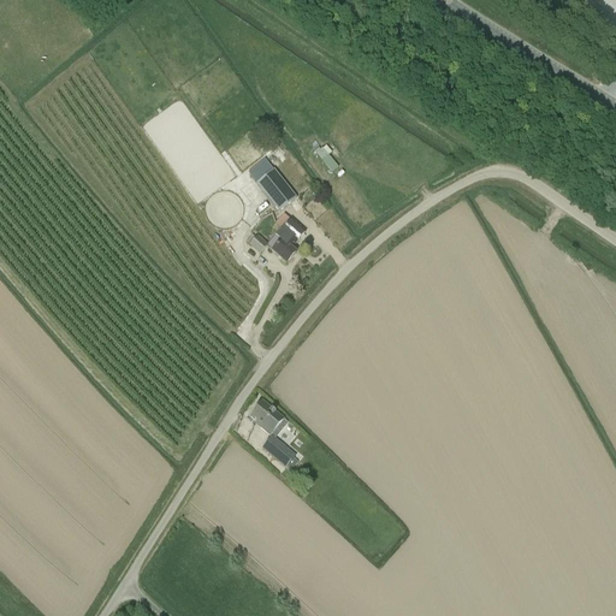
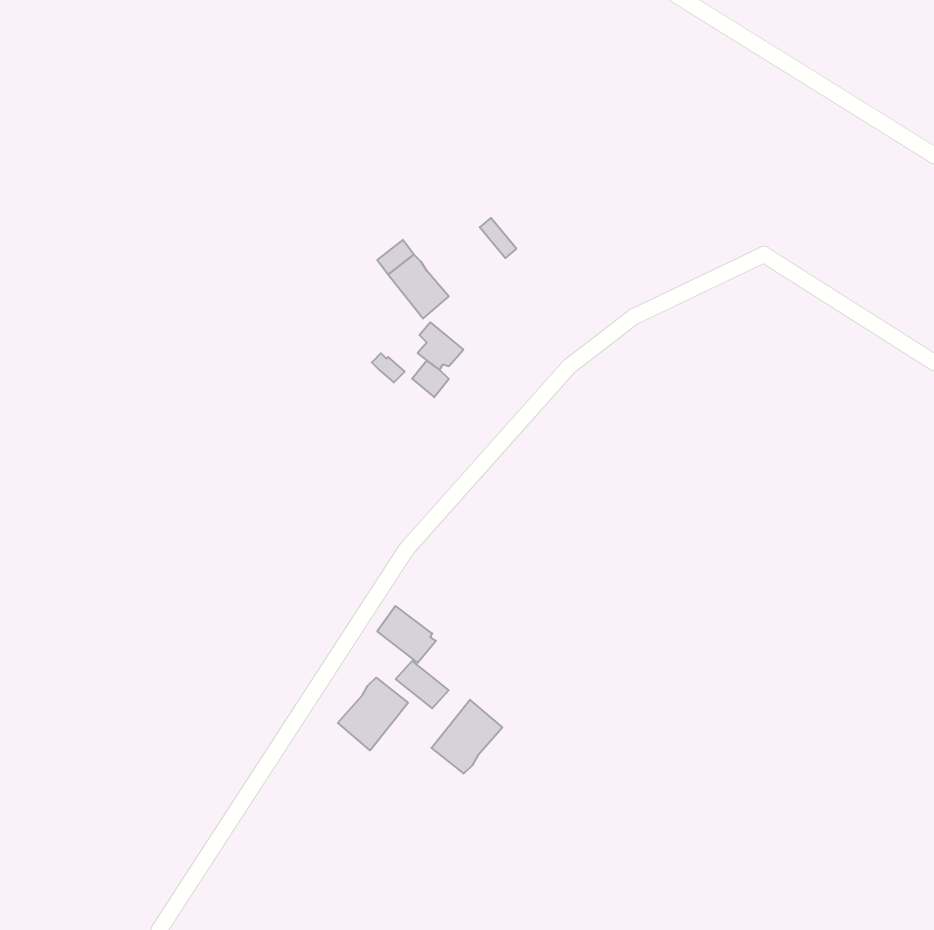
building: none -> [338,678,408,750]
building: none -> [431,700,502,774]

